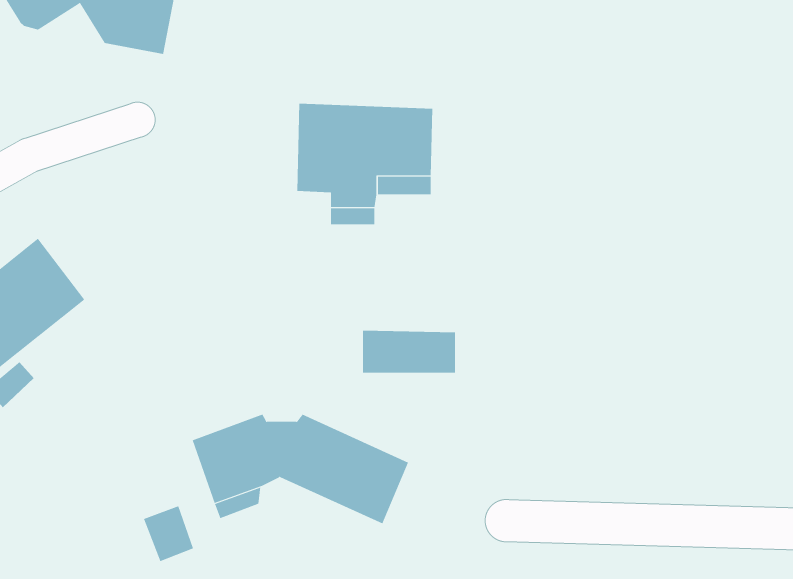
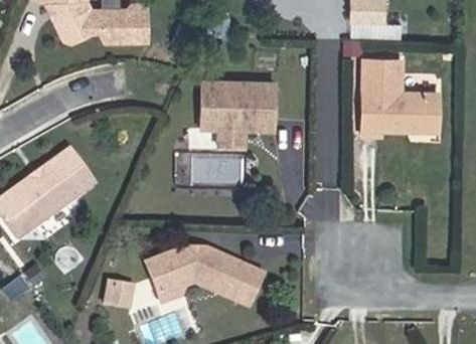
building: none -> [363,61,440,136]
building: [362,330,456,373] -> [194,151,245,174]

